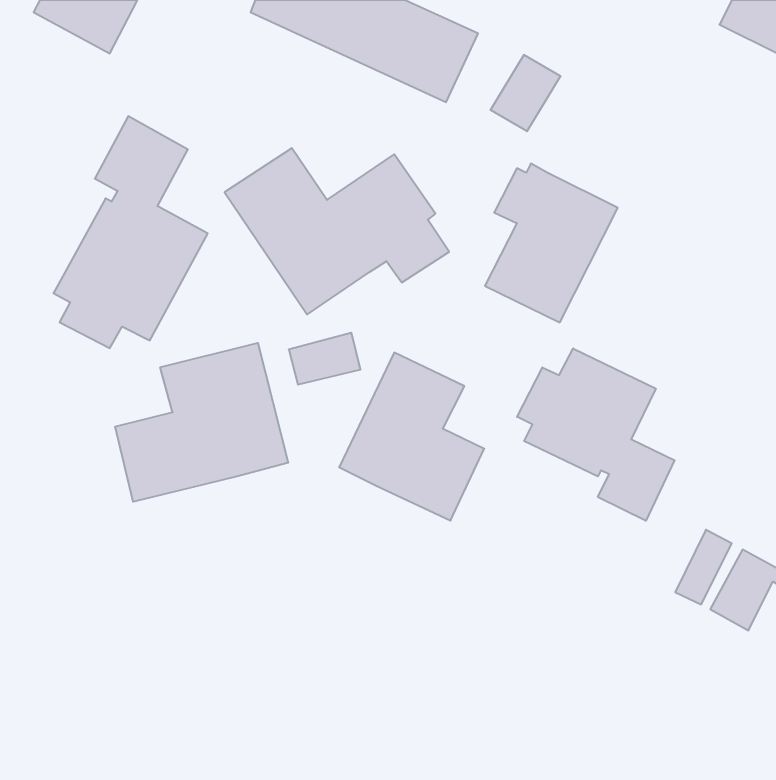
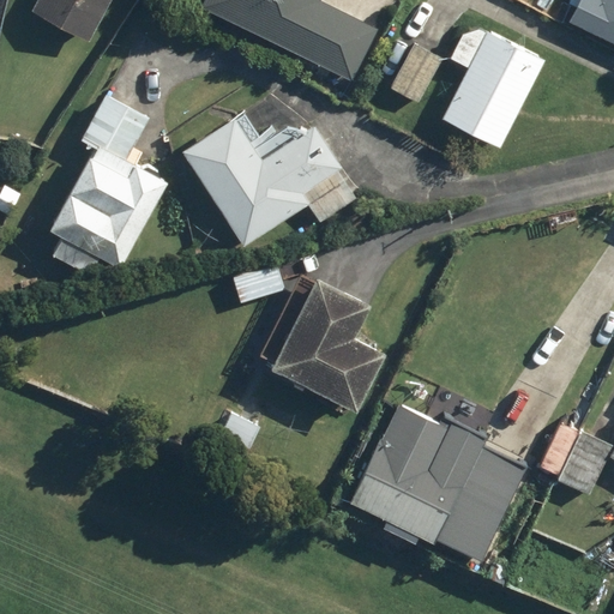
building: [485,164,618,322] -> [440,23,544,148]
building: [115,343,288,502] -> none
building: [517,348,675,521] -> none
building: none -> [345,399,526,560]

